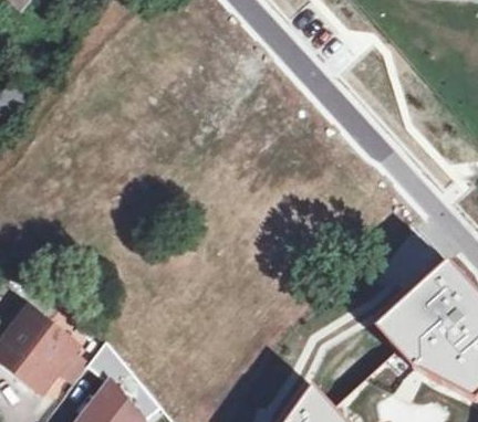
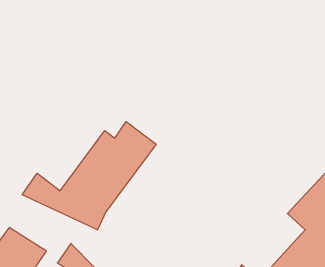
building: none -> [22,122,156,230]

